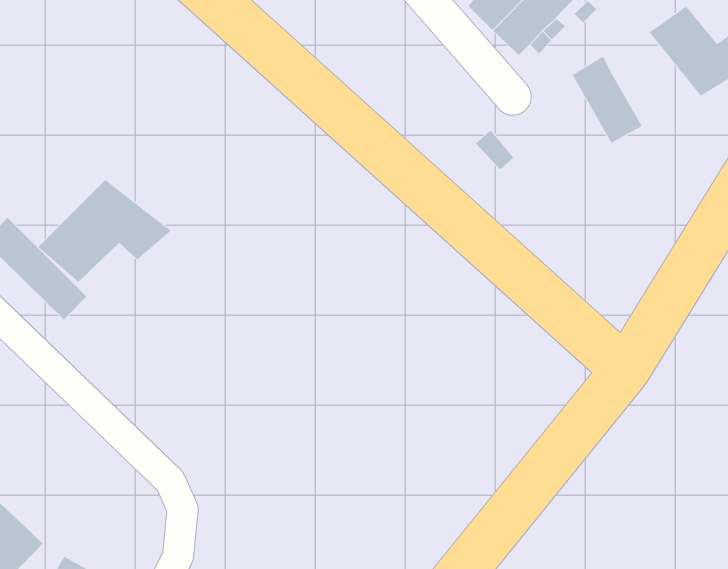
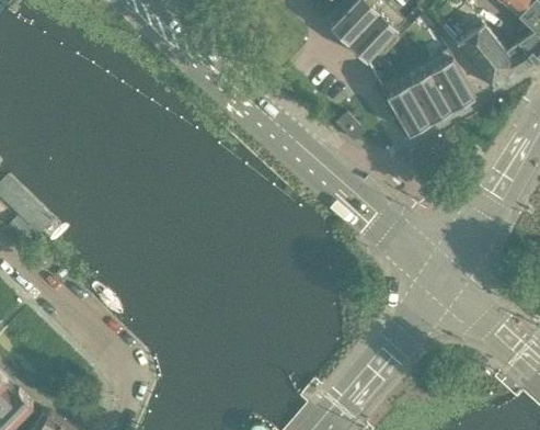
building: none -> [425,49,474,111]
building: none -> [380,75,430,135]
building: [38,179,172,283] -> none

